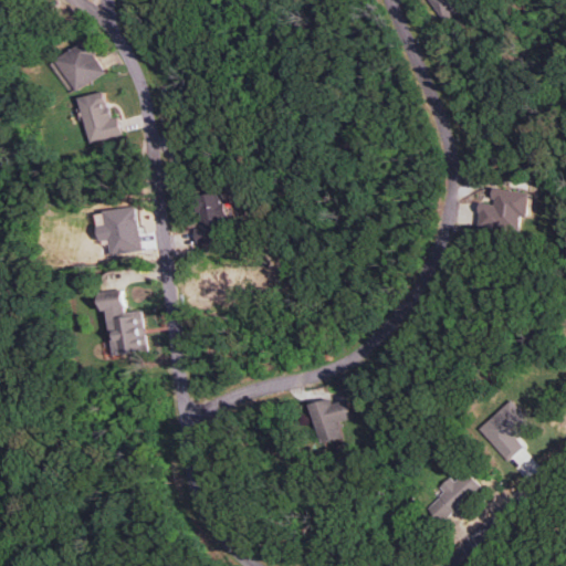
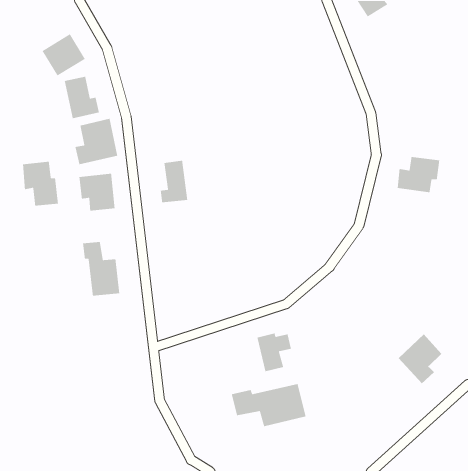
building: none -> [75,118,118,165]
building: none -> [22,161,59,207]
building: none -> [231,383,306,427]
building: [426,471,480,524] -> none

